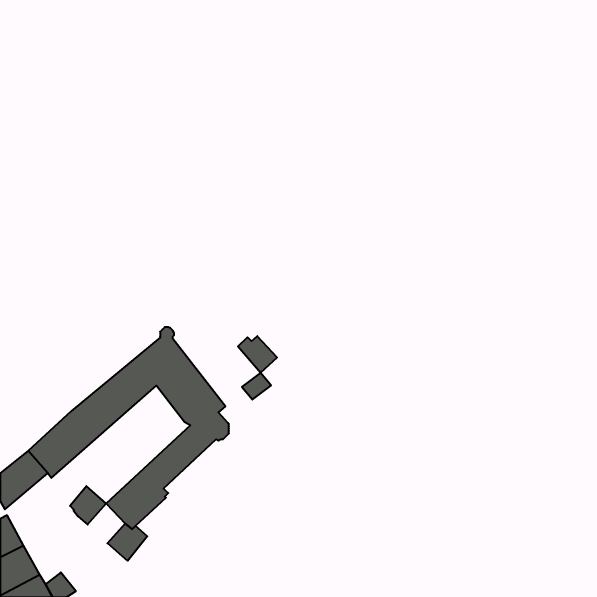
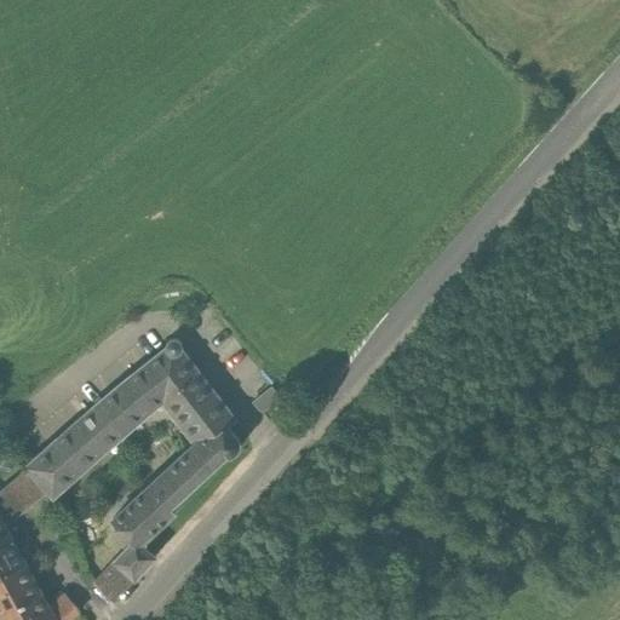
building: [238,336,277,373] -> none
building: [70,486,106,525] -> [94,563,132,603]

